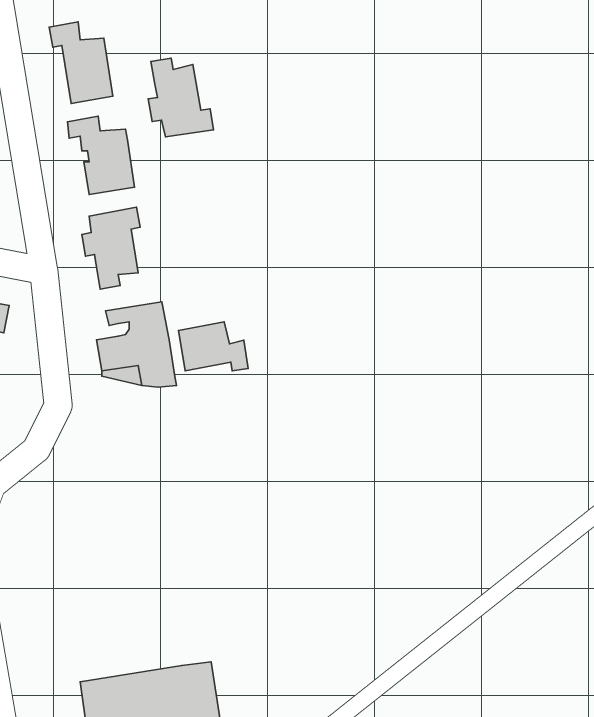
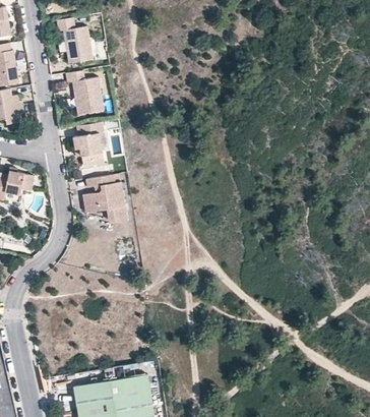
building: [148,58,214,137] -> none
building: [178,322,248,371] -> none

